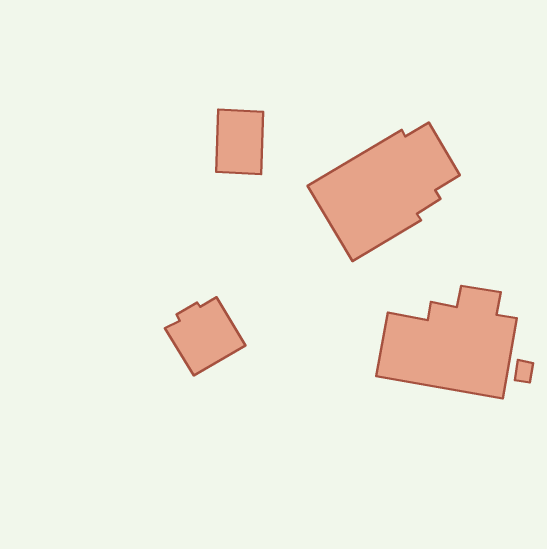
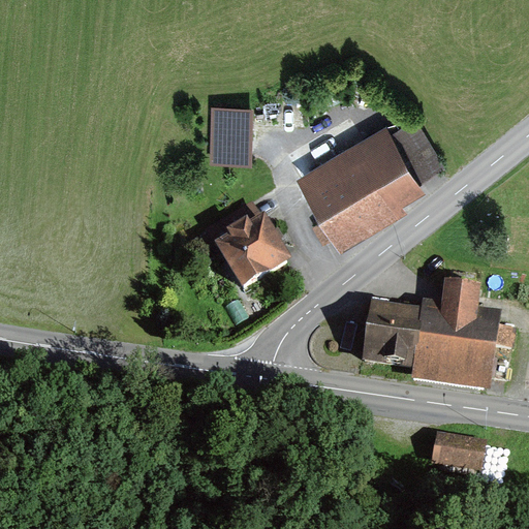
building: [165,297,245,376] -> [213,218,290,293]
building: none -> [434,441,480,473]

